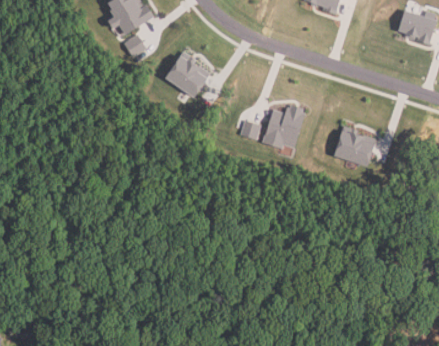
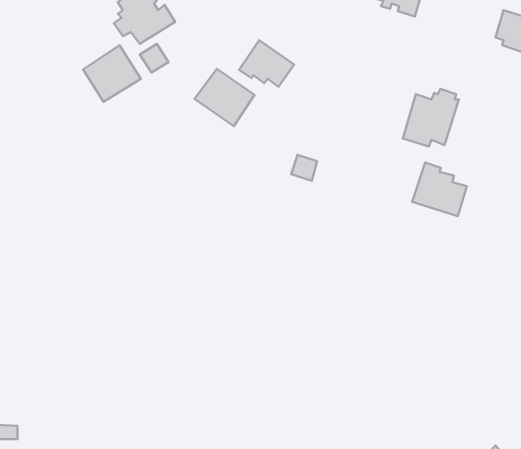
building: none -> [239,40,294,87]
building: none -> [83,45,141,102]
building: [262,104,305,148] -> [403,89,459,146]

